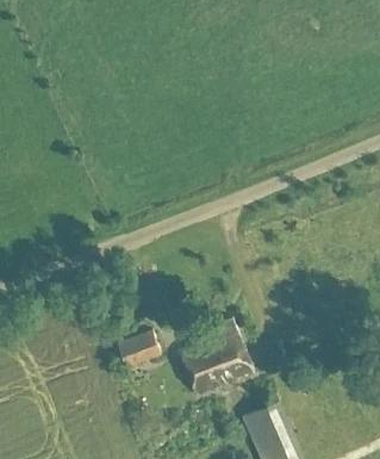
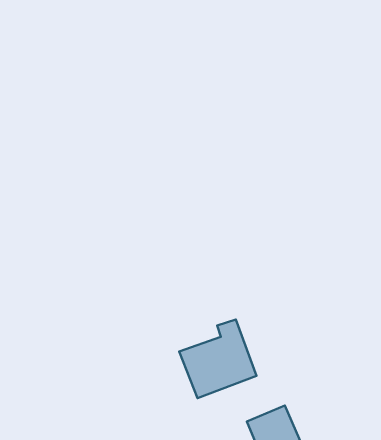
building: [117,331,161,368] -> none

